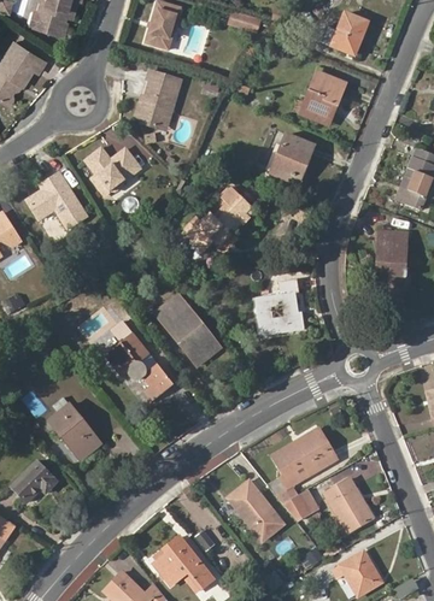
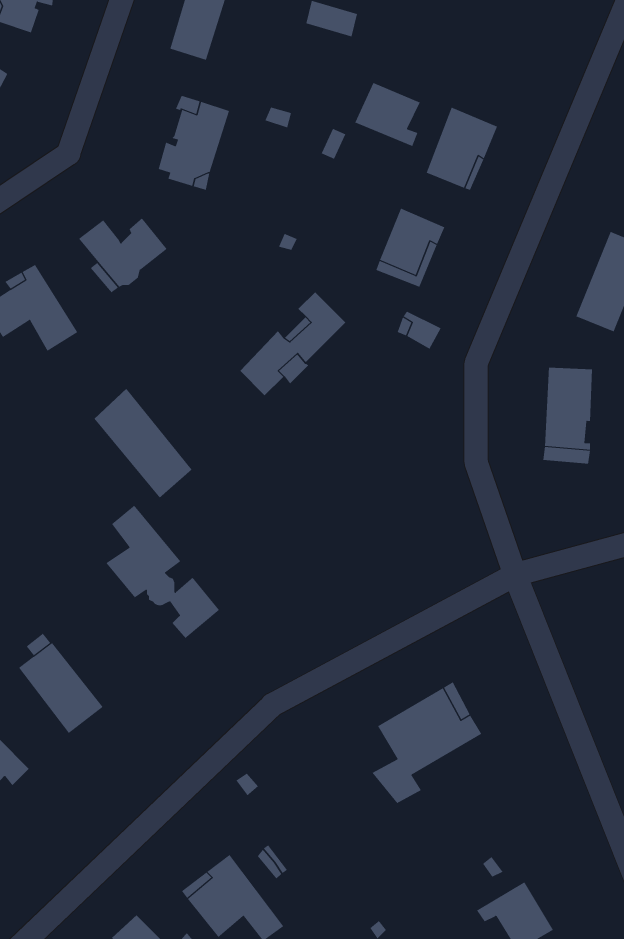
building: [330,12,368,57] -> none
building: none -> [355,82,421,147]
building: [257,282,303,334] -> none
building: [157,295,218,364] -> [93,388,192,499]
building: [323,479,373,534] -> none
building: [228,482,285,542] -> none
building: [283,491,317,522] -> none

